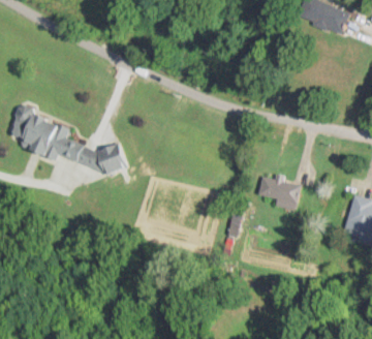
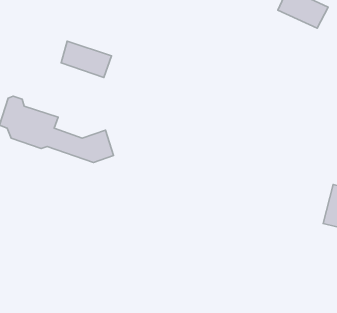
building: none -> [61,41,112,77]
building: [257,176,301,206] -> none

